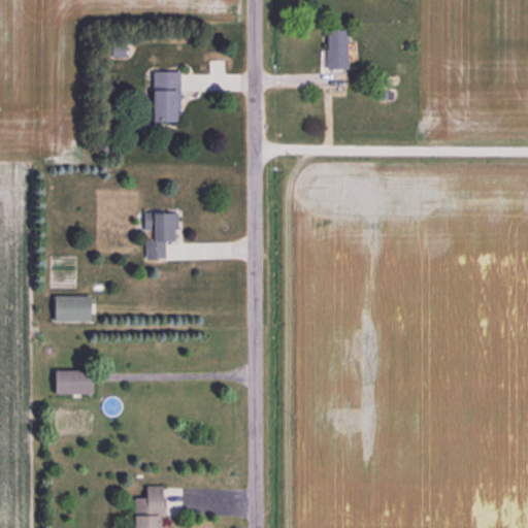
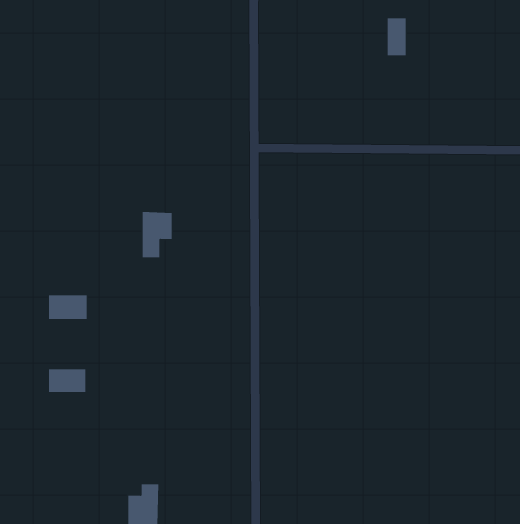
building: [328,30,348,68] -> [387,18,406,56]
building: [153,70,182,122] -> none

